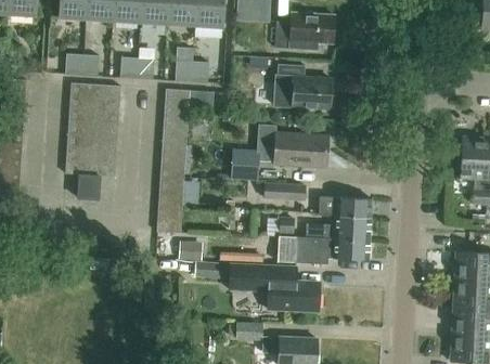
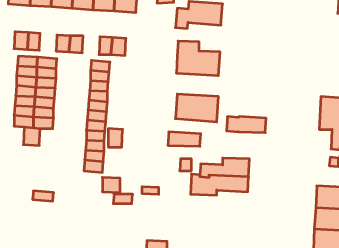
building: [232,150,260,182] -> none
building: [320,196,371,217] -> [227,117,266,133]
building: [229,264,319,312] -> none

